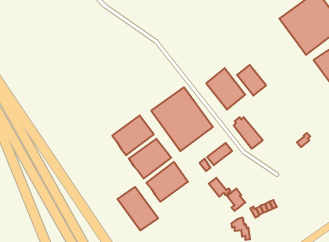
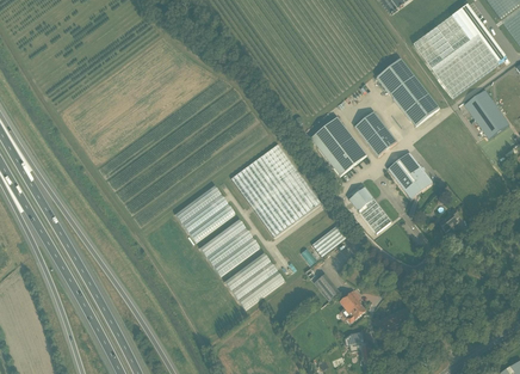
building: none -> [377,57,439,125]
building: none -> [388,151,433,197]
building: [117,187,158,230] -> none

